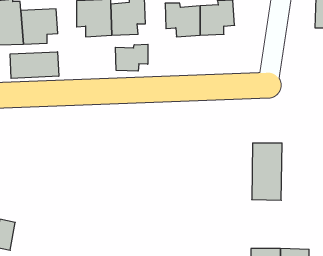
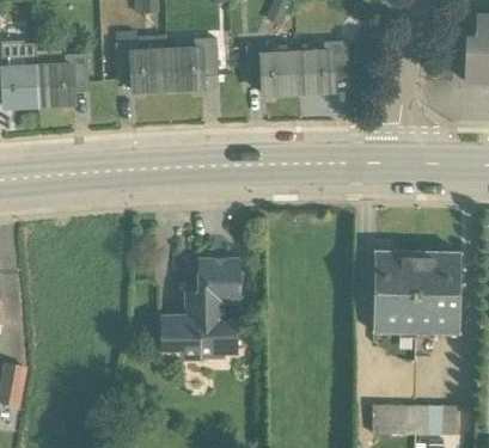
building: [116,44,148,71] -> none
building: [10,52,59,78] -> none
building: none -> [417,250,462,333]
building: none -> [160,258,240,361]

